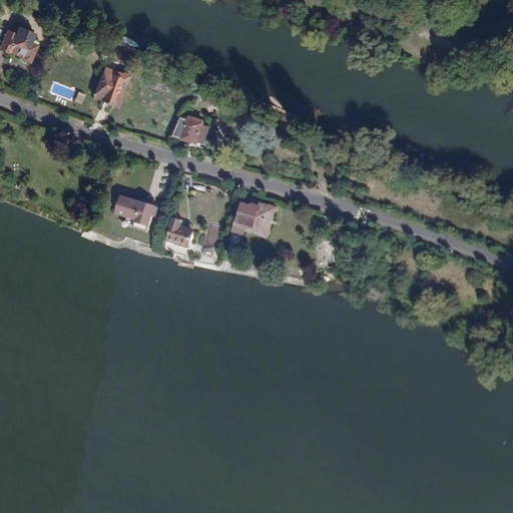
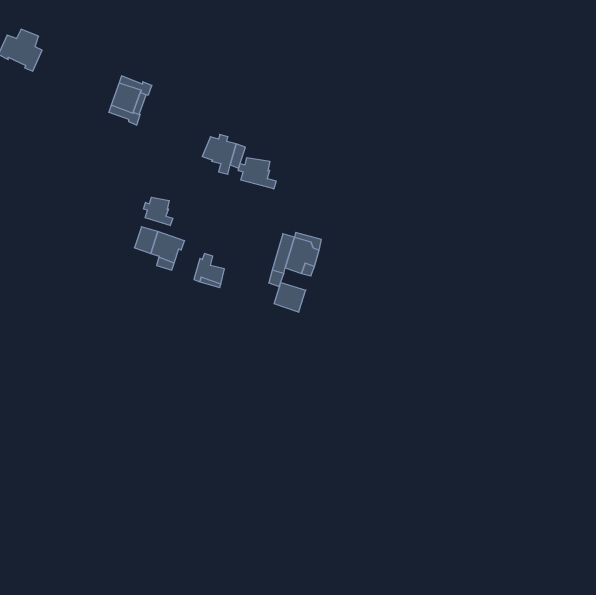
building: none -> [238,158,276,189]
building: none -> [144,197,173,226]
building: none -> [274,282,306,312]

